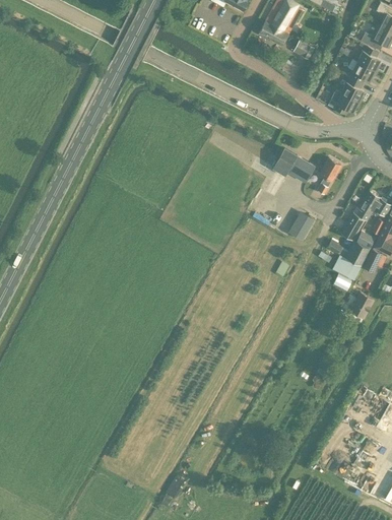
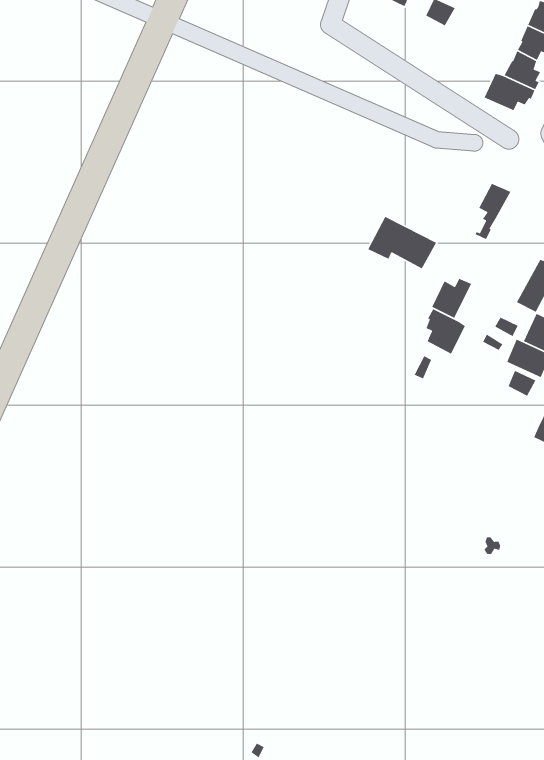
building: [272,147,316,182] -> [367,216,437,269]
building: none -> [426,308,466,355]

